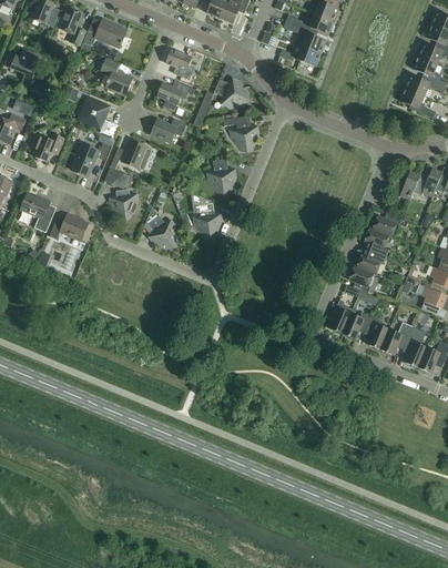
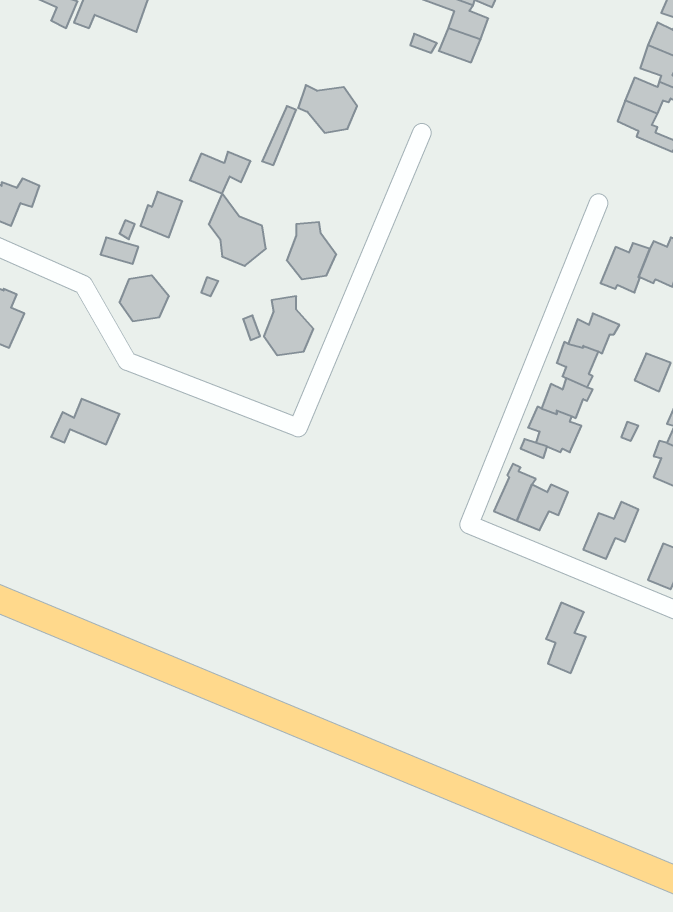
building: [165,48,194,79] -> none
building: [100,58,133,95] -> none
building: [157,81,195,110] -> none
building: [79,98,109,126] -> none
building: [225,115,258,149] -> none
building: [71,142,110,176] -> none
building: [145,206,179,248] -> [209,194,266,266]
building: [49,213,89,240] -> [51,399,120,444]
building: [366,316,389,349] -> none
building: [404,326,427,367] -> [546,603,586,673]

